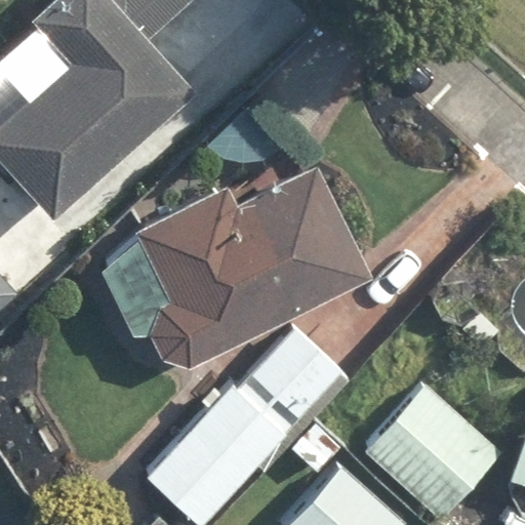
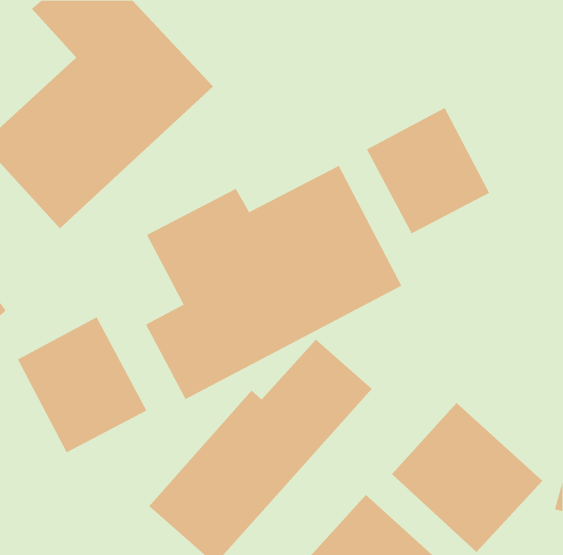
building: none -> [366,107,490,234]
building: none -> [17,317,147,453]

